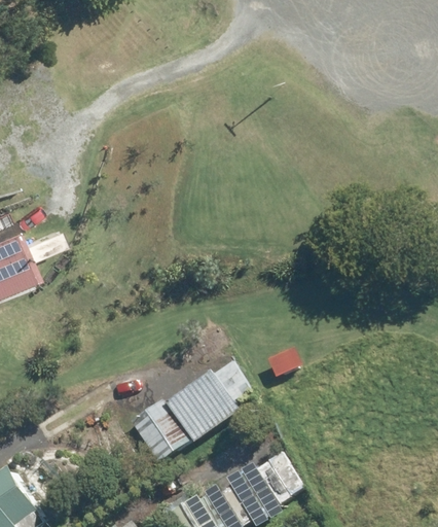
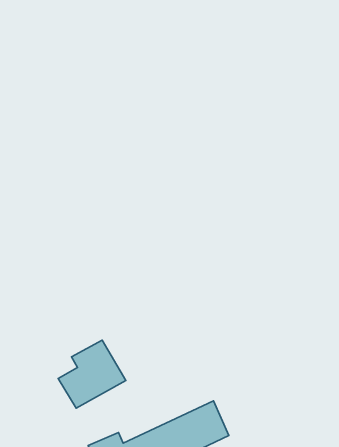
building: [169,363,248,442] -> none

